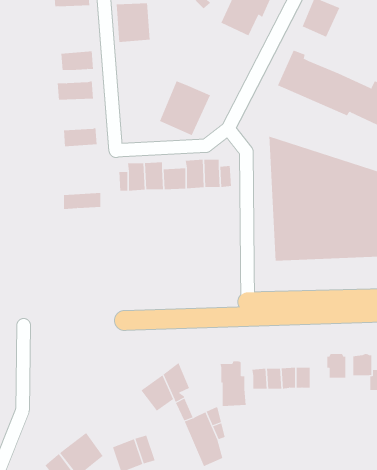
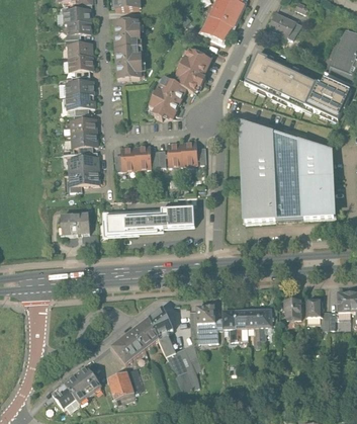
building: none -> [65,20,92,35]
building: none -> [66,44,93,60]
building: none -> [114,49,143,82]
building: none -> [172,53,213,97]
building: none -> [65,97,95,112]
building: none -> [70,135,98,151]
building: none -> [68,160,100,176]
building: none -> [103,207,196,240]
building: none -> [60,218,91,238]
building: none -> [113,337,146,369]

